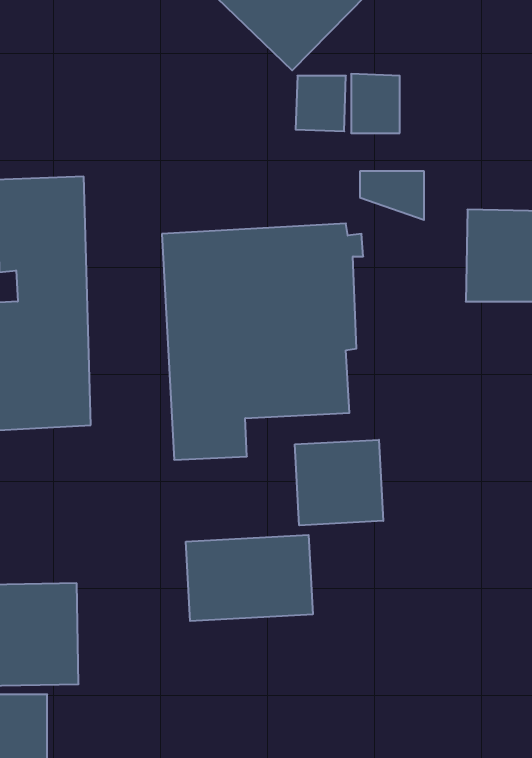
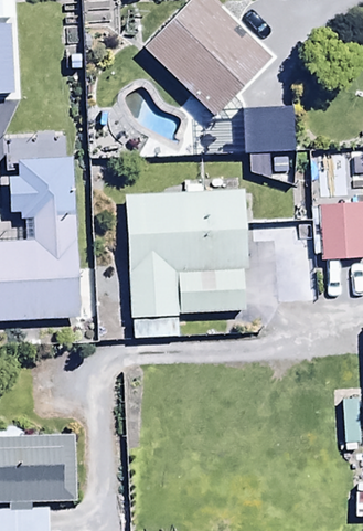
building: [295,440,383,525] -> none
building: [186,535,313,621] -> none

